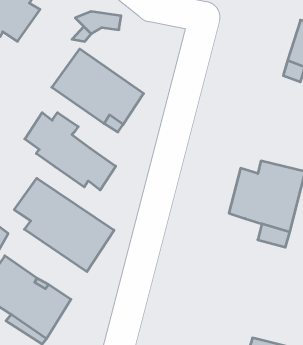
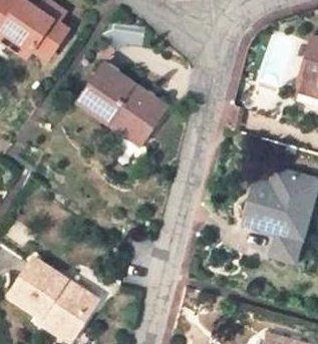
building: [25,113,116,190] -> none
building: [14,178,114,272] -> none

